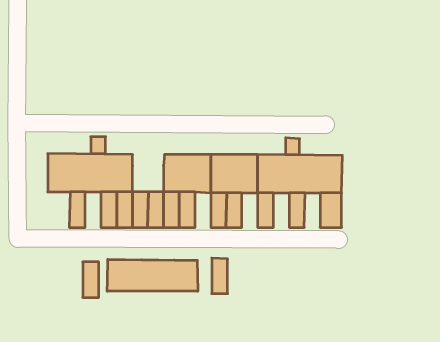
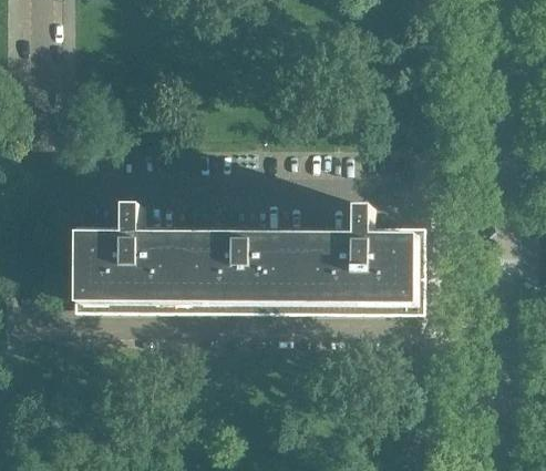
building: none -> [173,227,210,272]
building: none -> [72,272,99,314]
building: none -> [302,273,321,314]
building: none -> [340,273,359,314]
building: none -> [377,273,395,314]
building: [212,258,228,294] -> [247,272,266,314]
building: [107,259,198,291] -> none
building: [83,262,99,297] -> [116,272,135,314]

